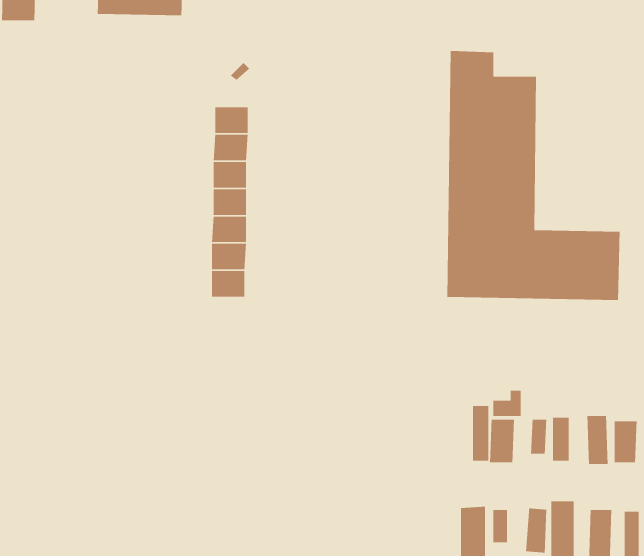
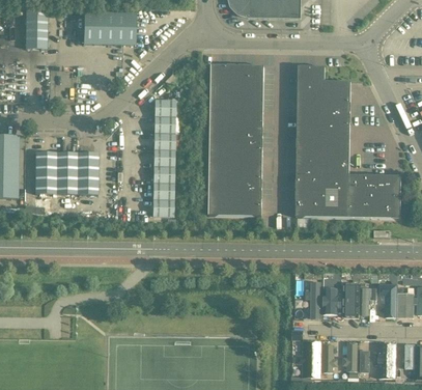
building: none -> [208,64,263,216]
building: none -> [35,151,97,213]

